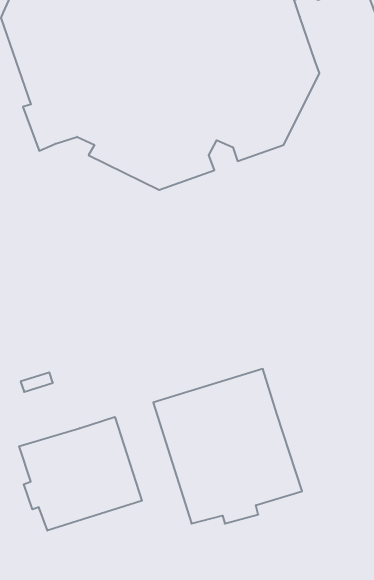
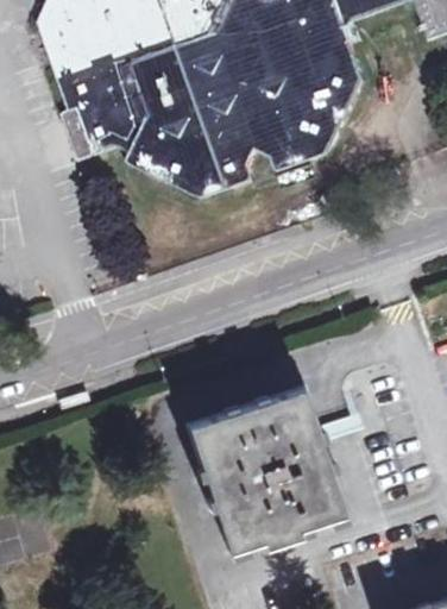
building: [19,417,142,531] -> none

